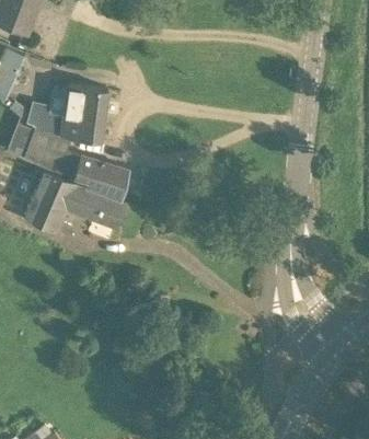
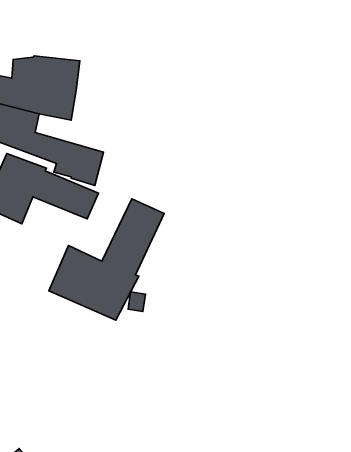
building: none -> [49,199,164,320]

